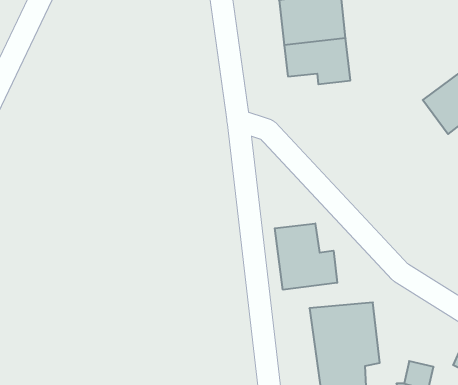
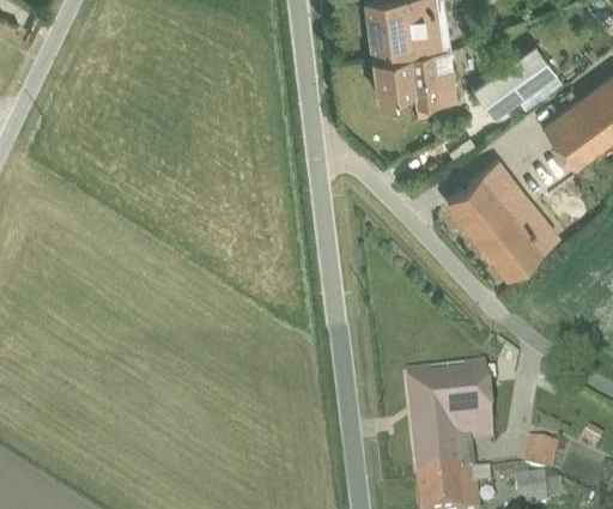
building: none -> [474,46,563,119]
building: none -> [453,165,559,279]
building: [275,223,337,290] -> none

